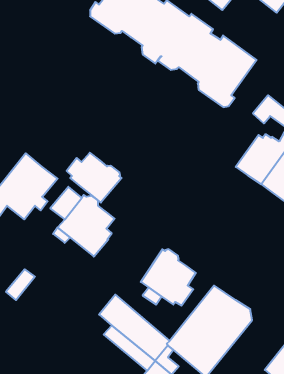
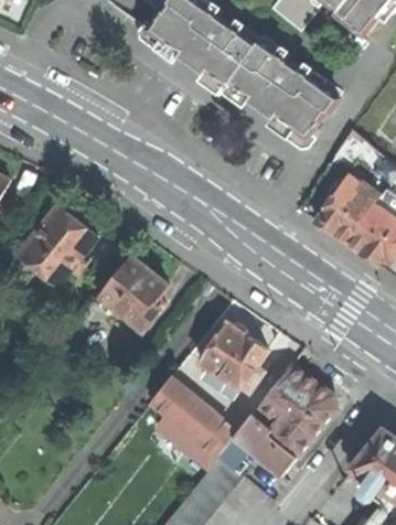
building: [67,153,122,203] -> none

